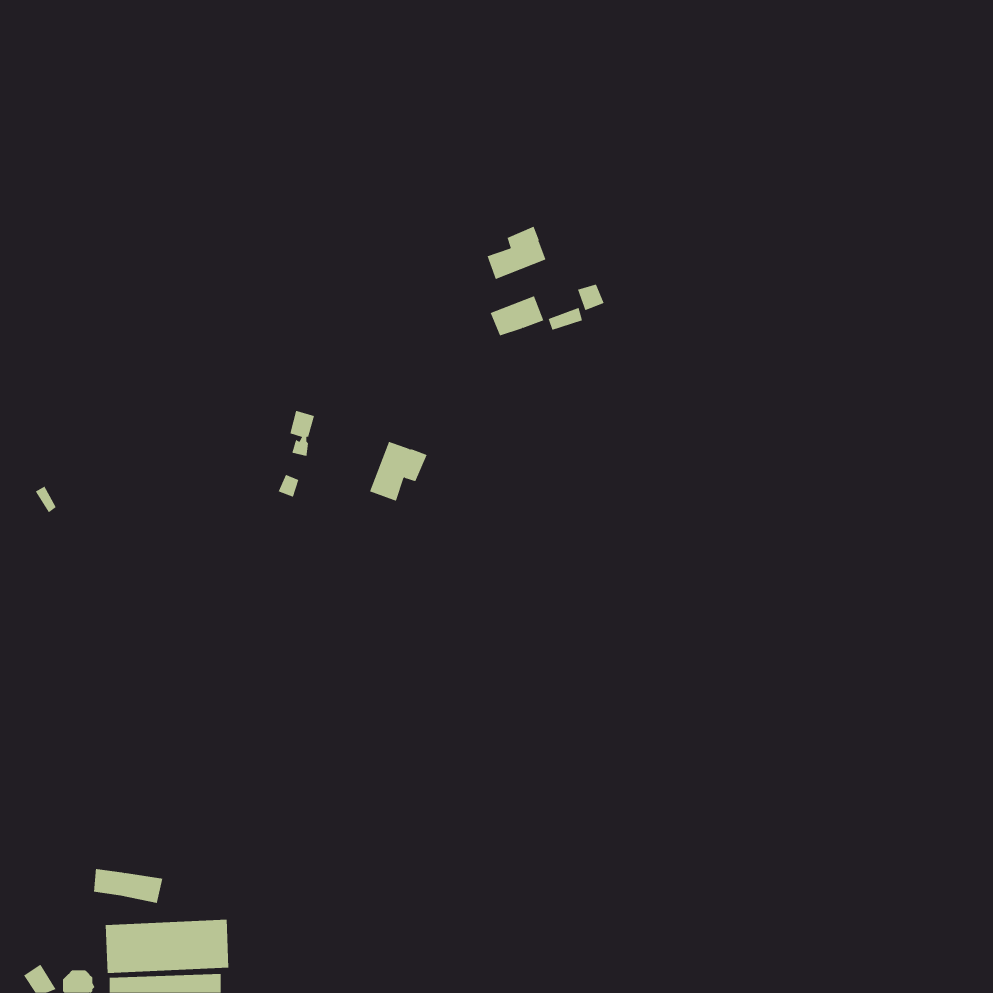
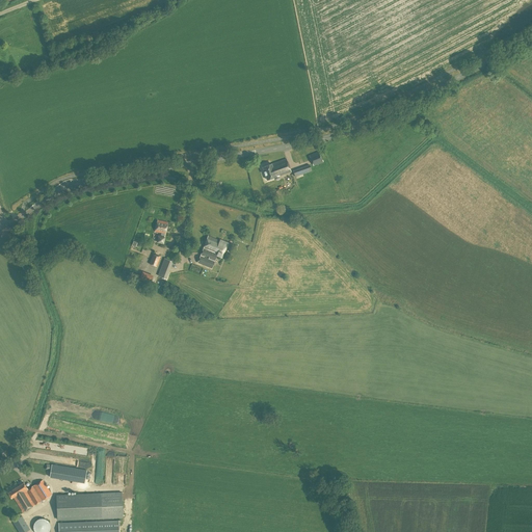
building: [487,226,546,280] -> none
building: none -> [7,480,51,512]

